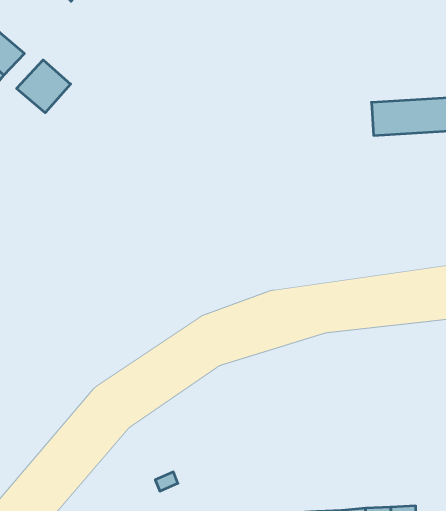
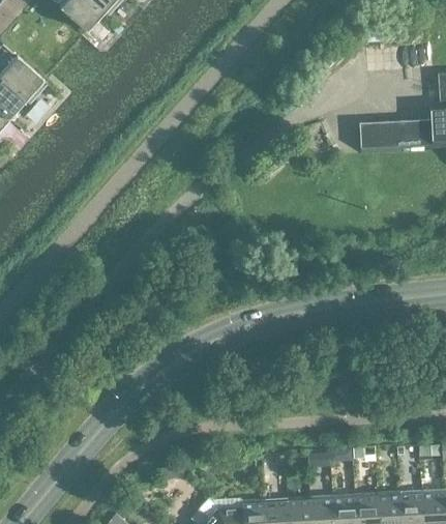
building: [17,60,71,113] -> none

